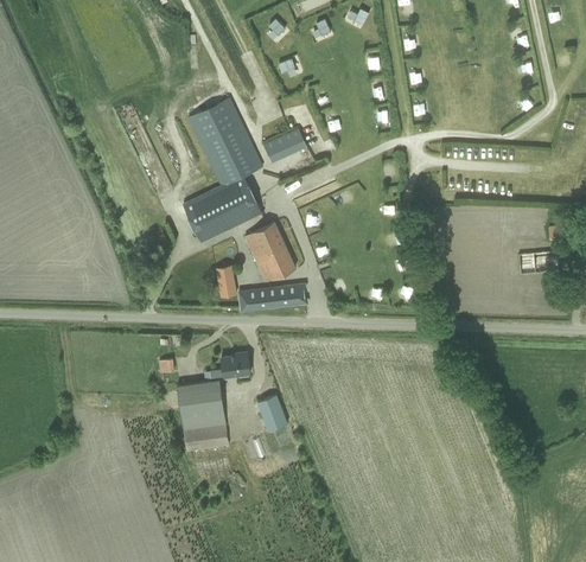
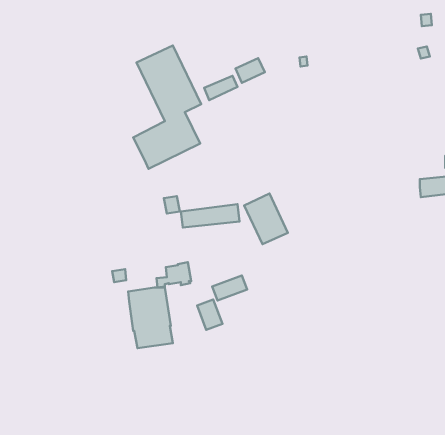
building: none -> [235,58,265,83]
building: [244,222,295,281] -> [244,193,288,244]
building: none -> [212,275,247,301]

